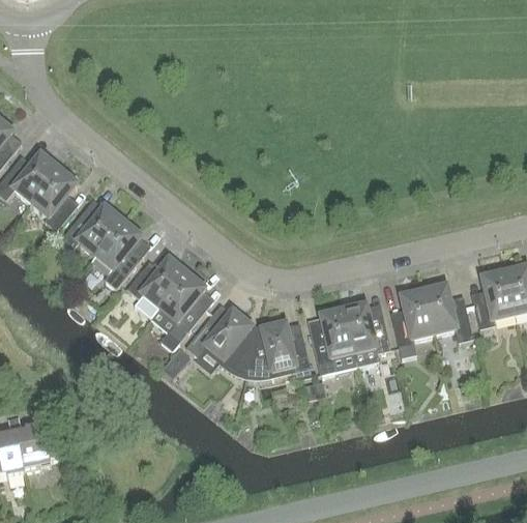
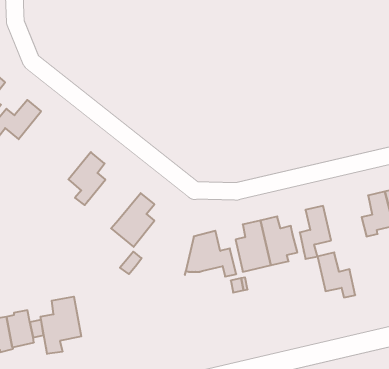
building: [31,166,78,229] -> none
building: [58,204,124,254] -> none
building: [127,257,188,307] -> none
building: [423,283,472,341] -> [317,252,355,297]
building: [185,309,257,377] -> none
building: none -> [41,297,81,354]

